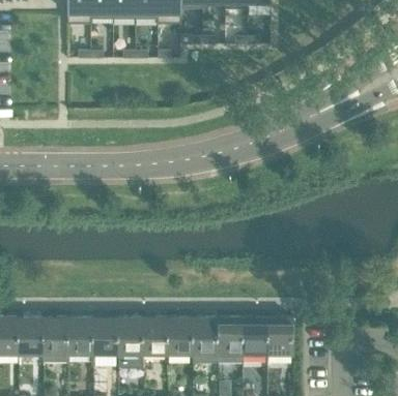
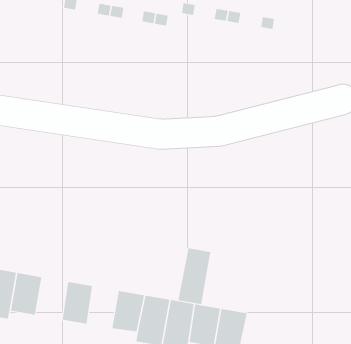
building: none -> [178,248,211,305]
building: [92,317,118,355] -> none
building: [142,317,167,355] -> none

